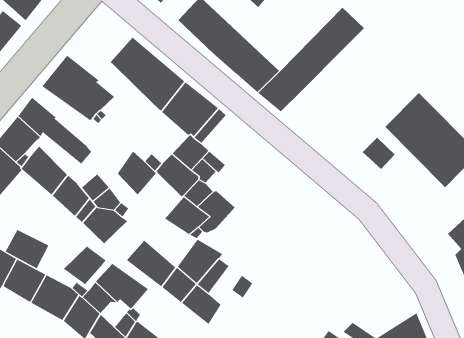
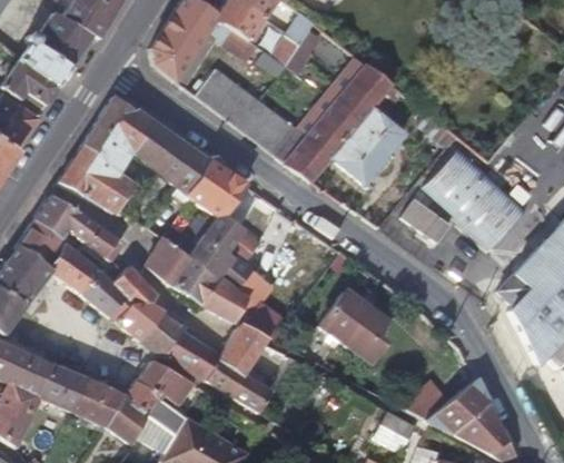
building: none -> [83,97,150,168]
building: none -> [334,109,404,181]
building: none -> [172,259,219,306]
building: none -> [321,294,386,363]
building: [5,229,49,269] -> none
building: [63,246,107,285] -> [142,313,187,354]

